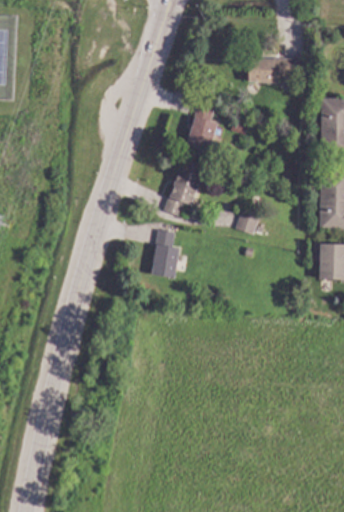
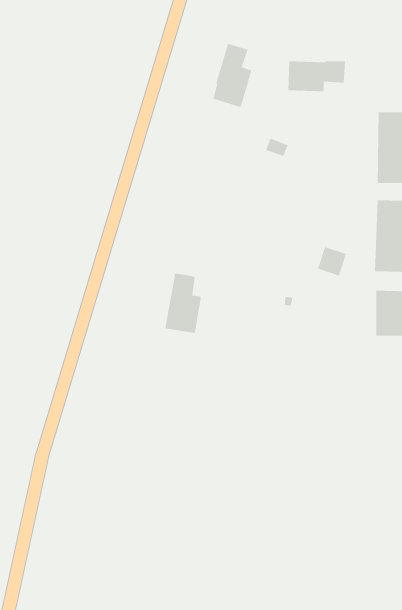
building: [186,101,218,153] -> [213,43,252,108]
building: [163,168,201,216] -> none
building: [235,211,259,235] -> [317,246,347,276]

